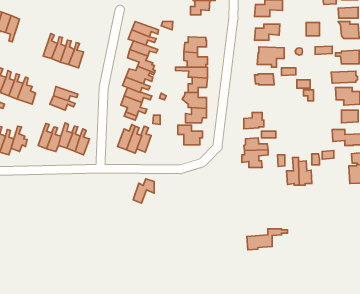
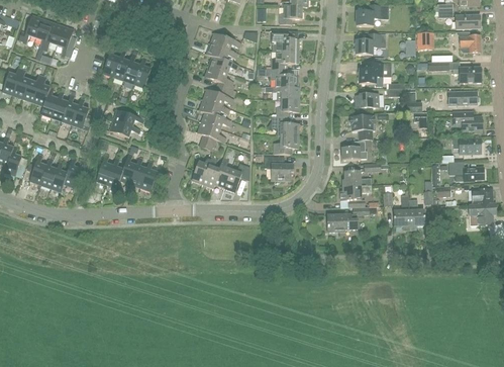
building: none -> [272,29,298,51]
building: none -> [349,116,375,139]
building: [133,179,154,203] -> [224,163,249,192]
building: [247,229,287,250] -> [327,206,376,232]

